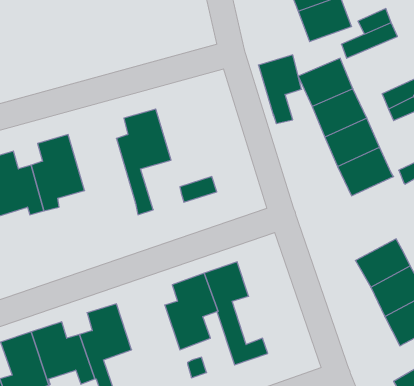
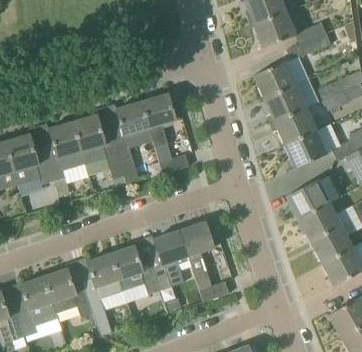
building: [258,55,302,124] -> [141,93,175,147]
building: none -> [72,114,125,179]
building: none -> [286,179,330,220]
building: none -> [110,245,160,293]

